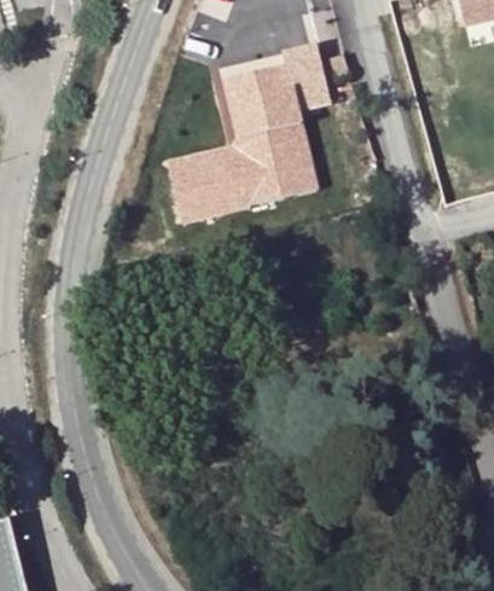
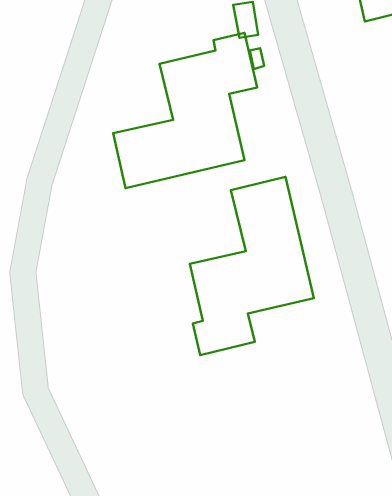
building: none -> [190,177,314,355]

